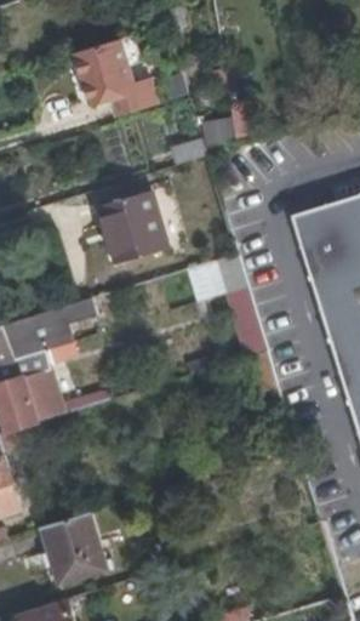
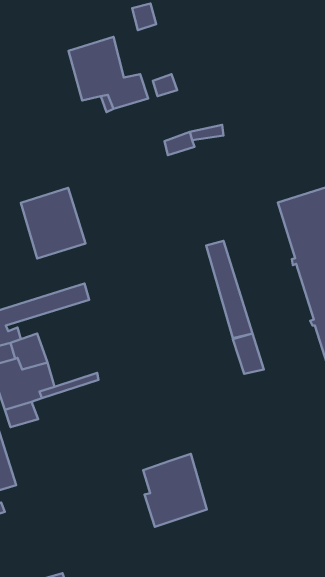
building: [99,190,167,264] -> [21,188,86,258]
building: [40,511,107,587] -> [143,454,207,527]

